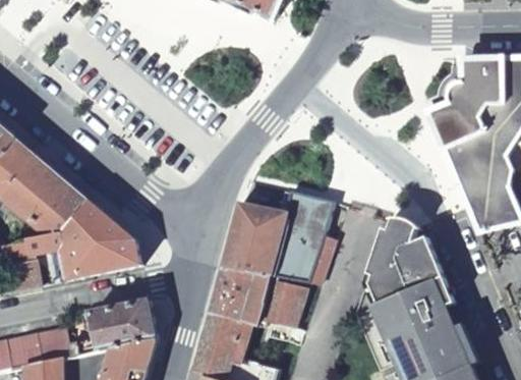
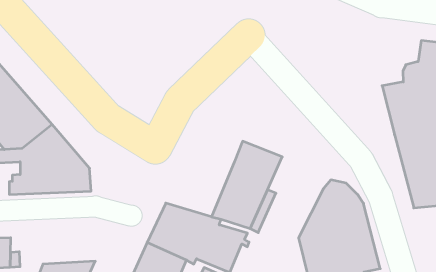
building: [221,191,291,274] -> none
building: [80,298,157,350] -> none

